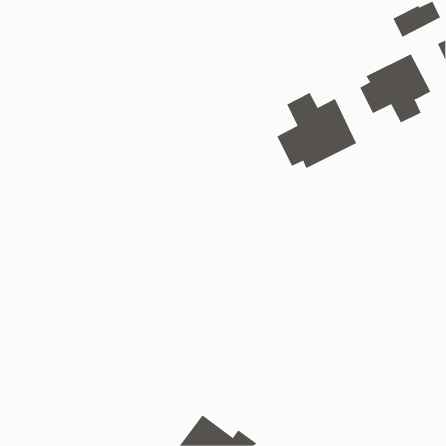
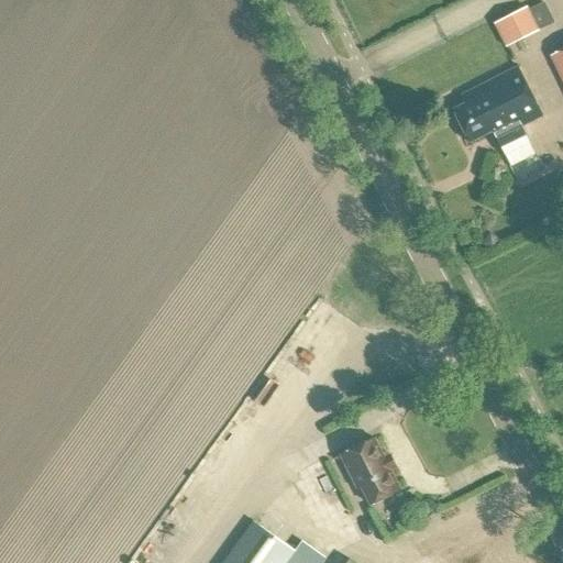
building: [277,92,357,169] -> none
building: none -> [340,438,400,505]

